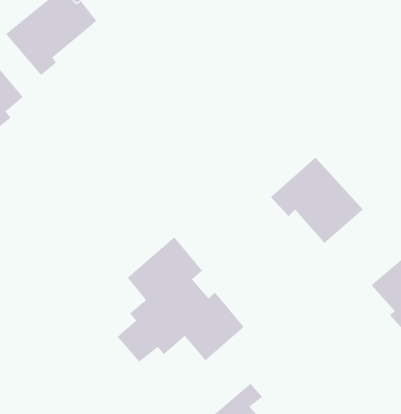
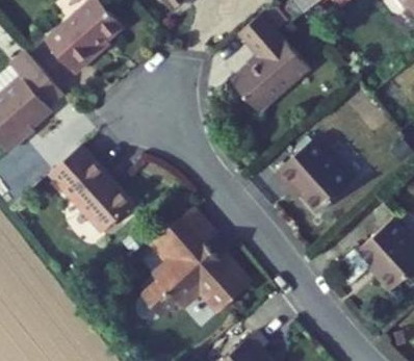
building: none -> [226,11,305,112]
building: none -> [46,144,130,232]

